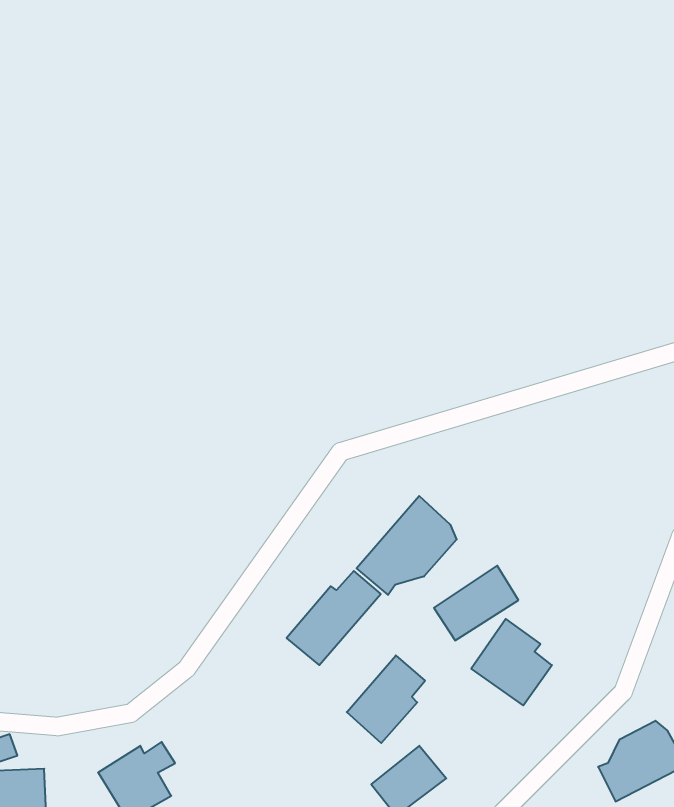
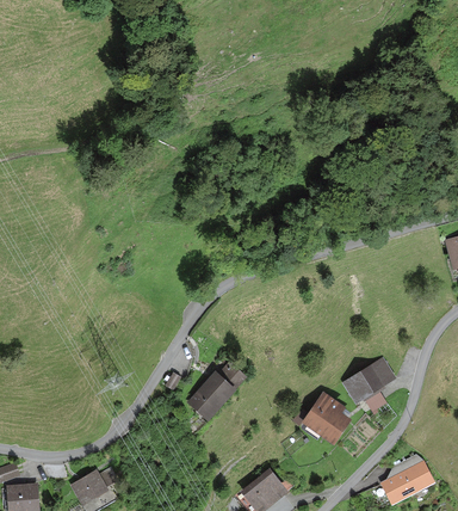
building: [357,496,457,595] -> none
building: [434,566,518,640] -> [344,358,396,405]
building: [347,655,425,743] -> none

